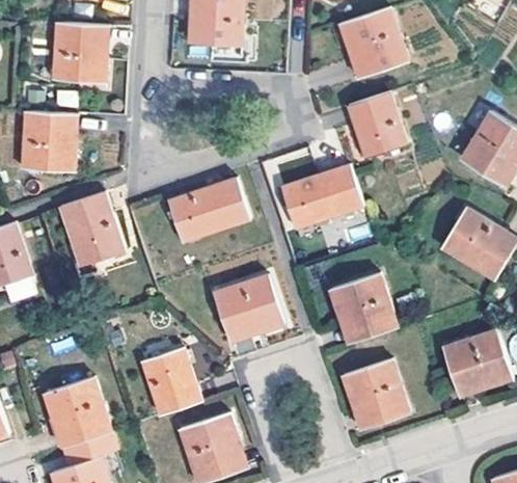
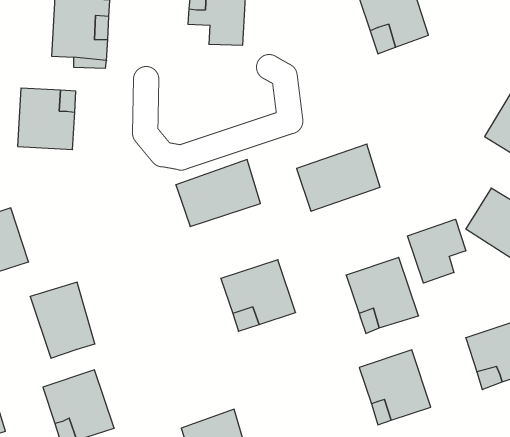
building: [350,92,408,157] -> none
building: [61,195,123,267] -> [30,282,95,358]
building: none -> [407,219,466,283]
building: [140,349,199,417] -> none

